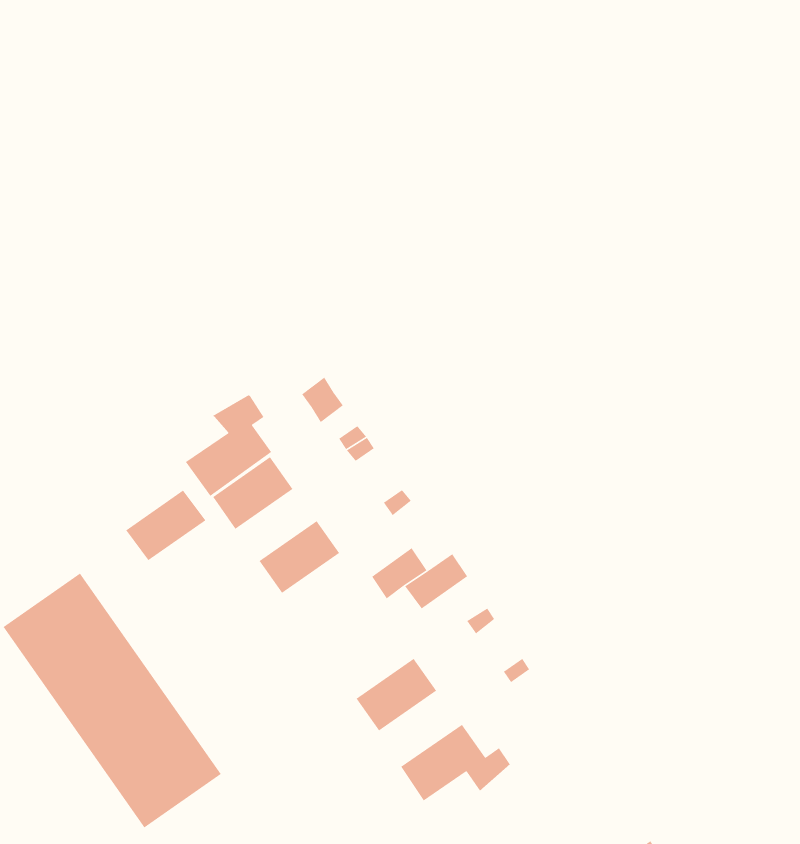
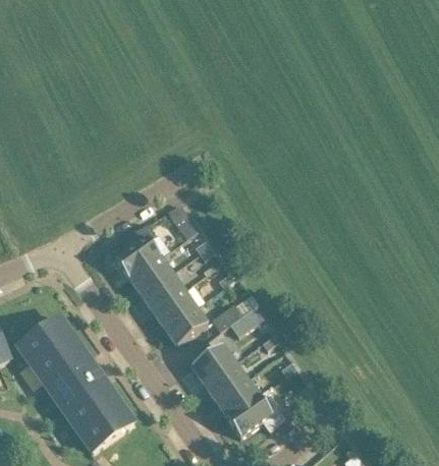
building: [125,489,207,561] -> [142,274,184,311]
building: none -> [166,307,209,347]
building: none -> [193,345,235,384]
building: none -> [217,380,260,418]

